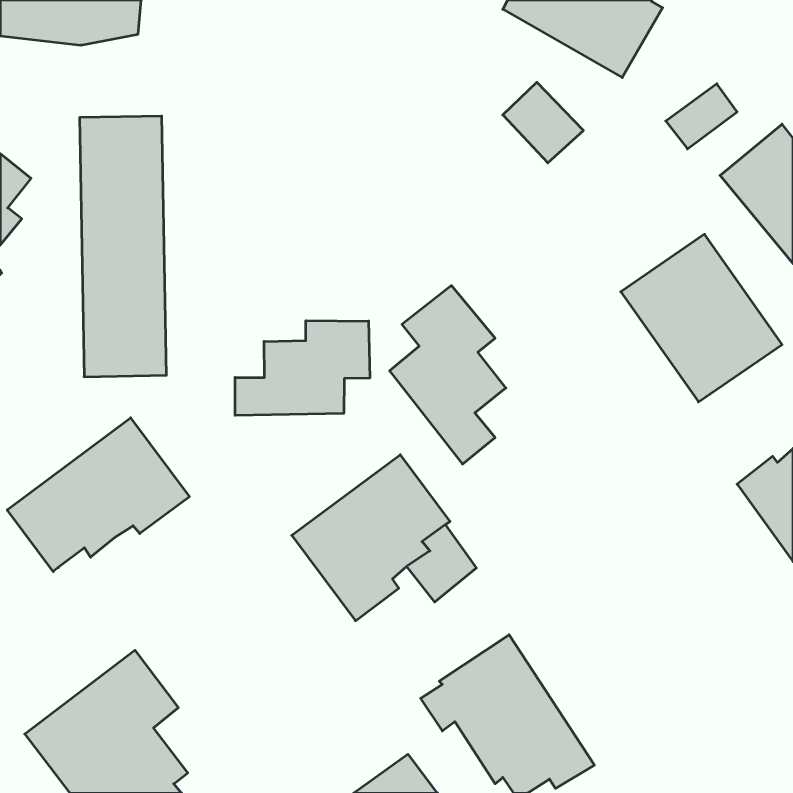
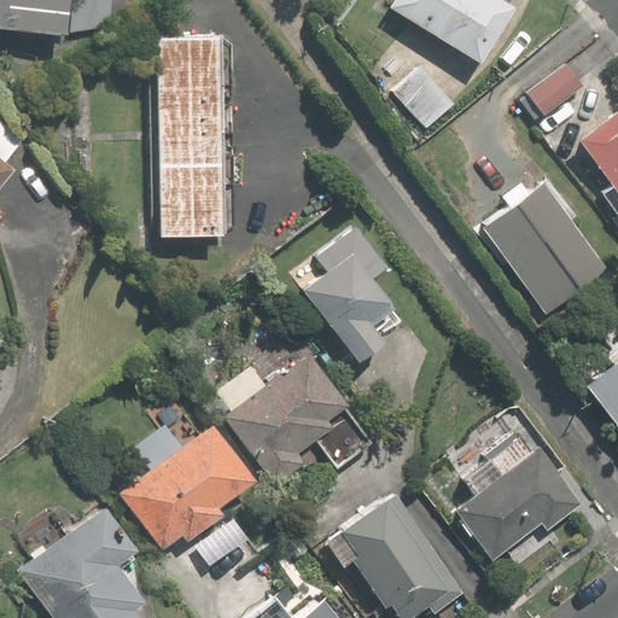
building: [80,116,166,377] -> [159,34,227,237]
building: [235,321,370,415] -> none
building: [7,418,189,572] -> none
building: none -> [121,425,256,549]
building: none -> [453,430,577,559]

